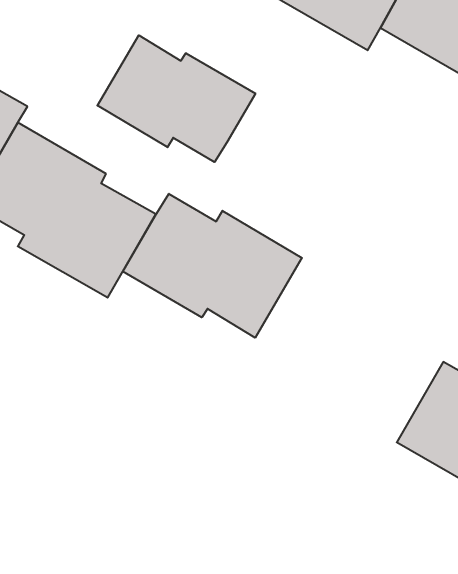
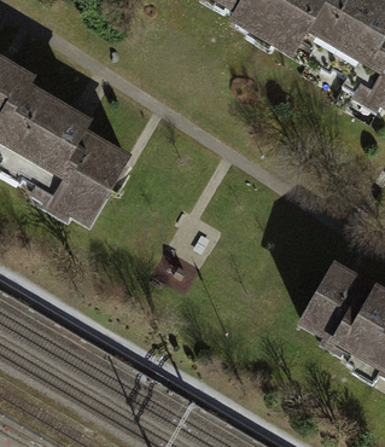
building: [97,35,255,162] -> none
building: [123,194,302,338] -> none

